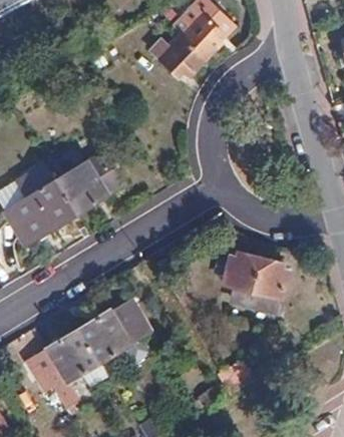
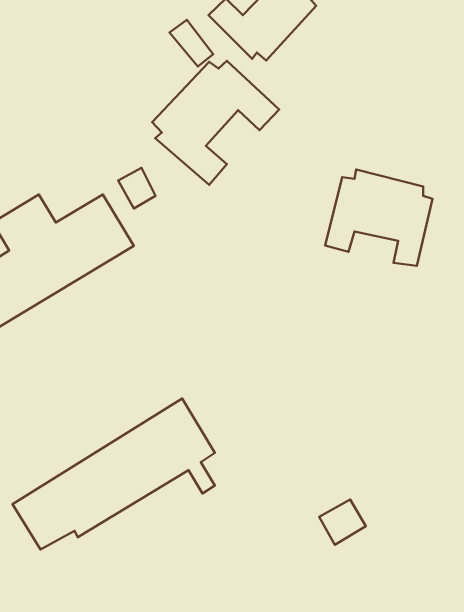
building: none -> [152,61,279,185]
building: [219,256,288,318] -> [325,169,433,266]

